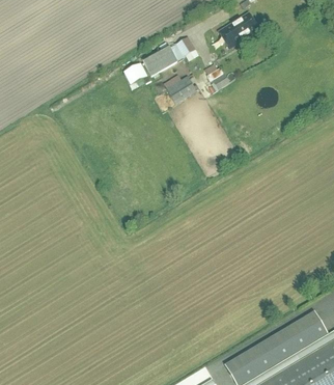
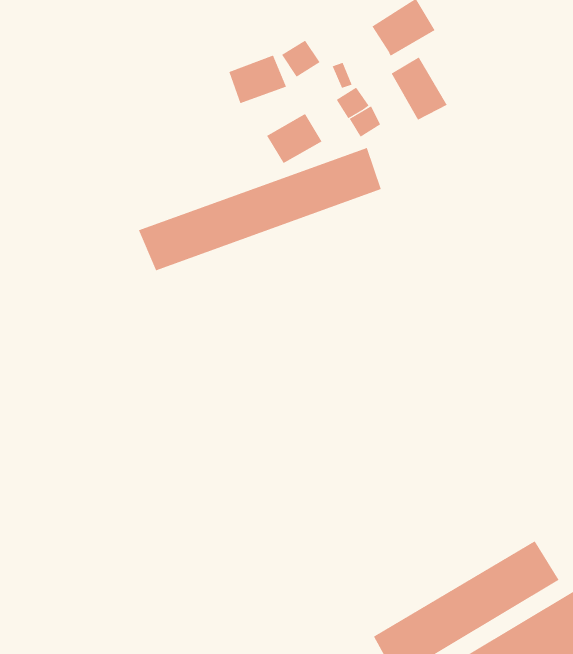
building: none -> [391,57,448,121]
building: none -> [138,147,381,271]

